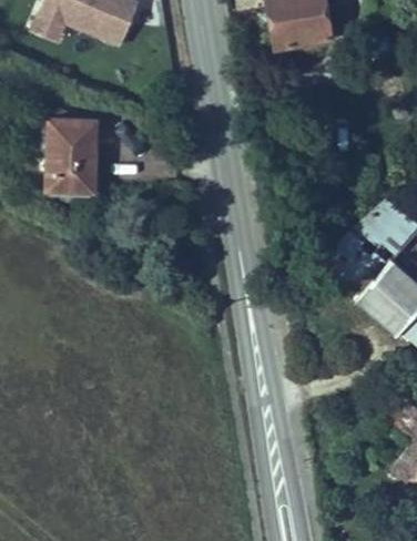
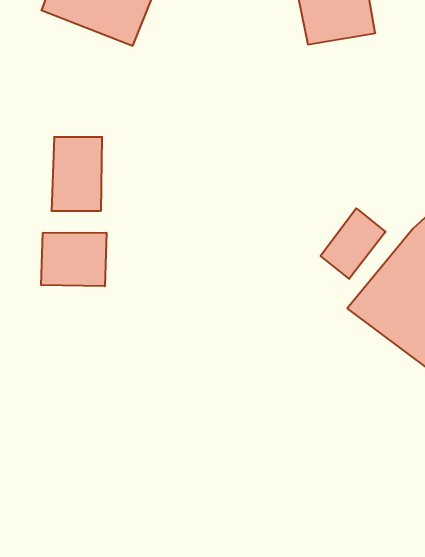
building: none -> [321,208,386,279]
building: none -> [41,233,106,286]

